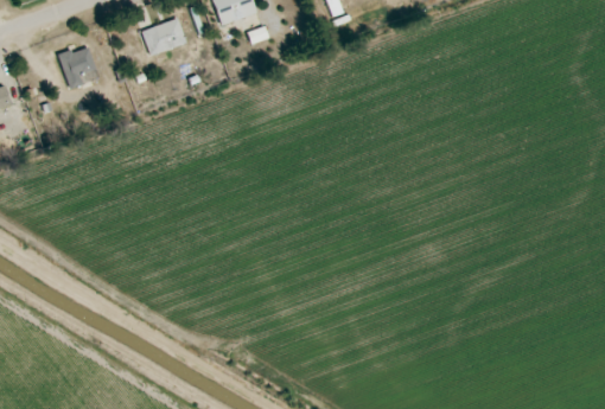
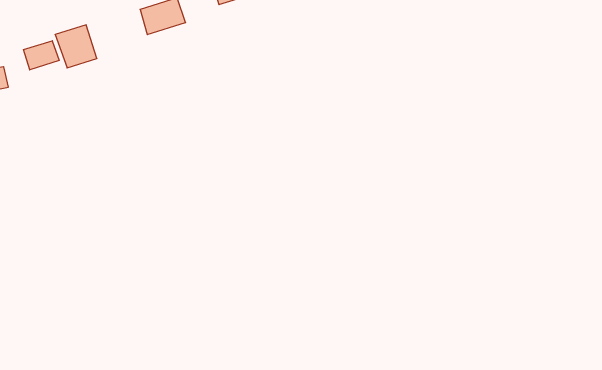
building: none -> [24,41,59,70]

